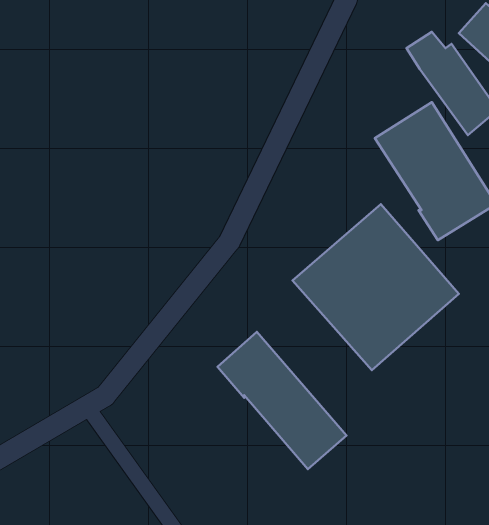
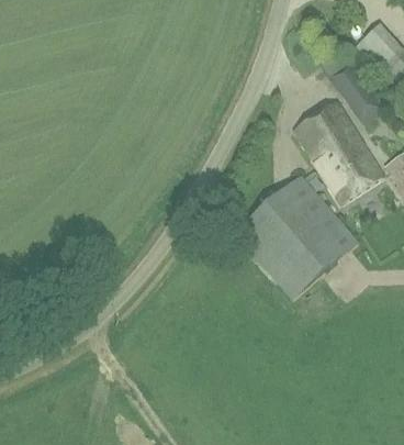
building: [218,332,347,469] -> none

